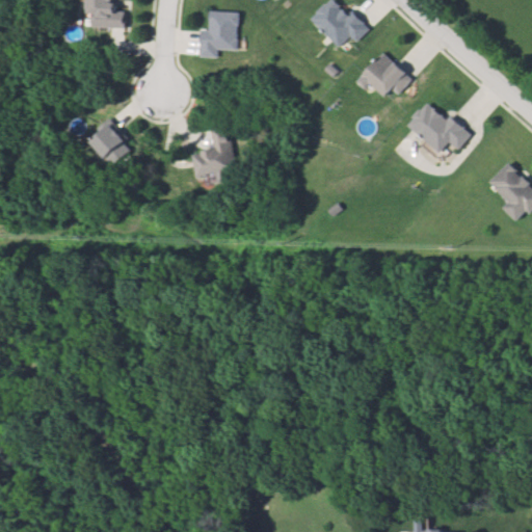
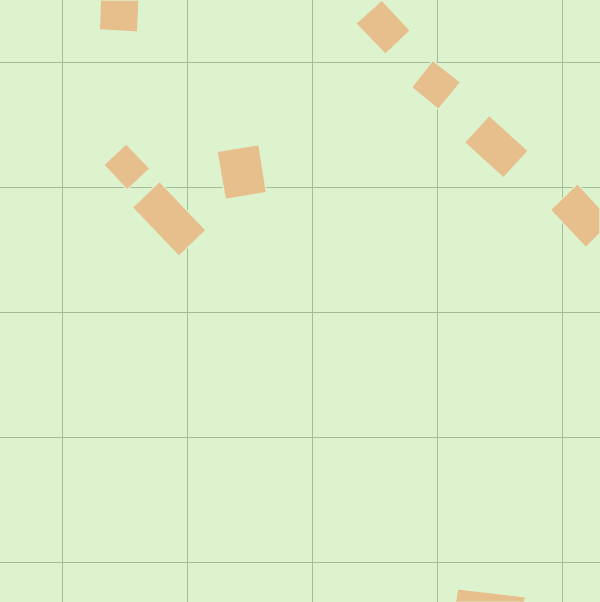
building: [198,11,237,56] -> none
building: none -> [132,182,206,256]

